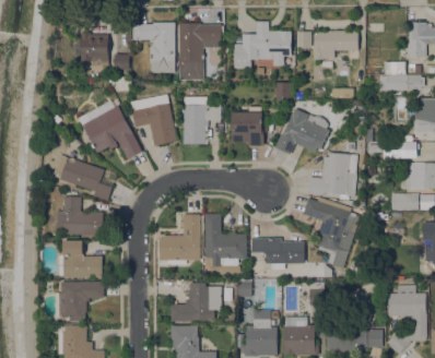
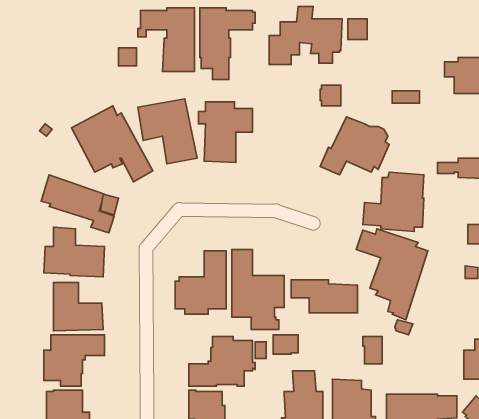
building: [314,31,358,58] -> none
building: [81,33,108,65] -> none
building: [231,107,267,146] -> none

